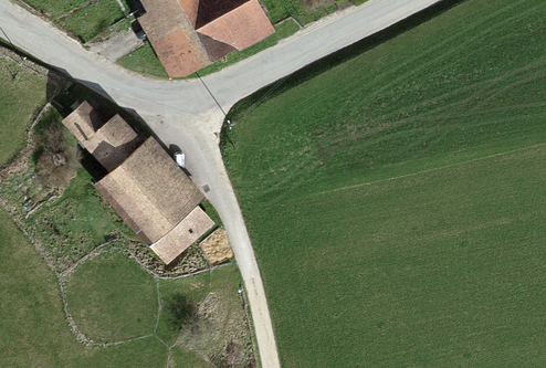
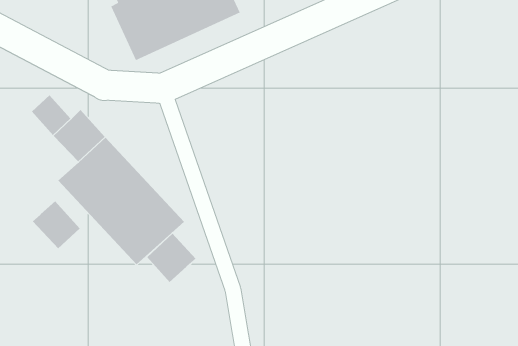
building: none -> [32,200,80,249]
building: none -> [146,233,196,283]

